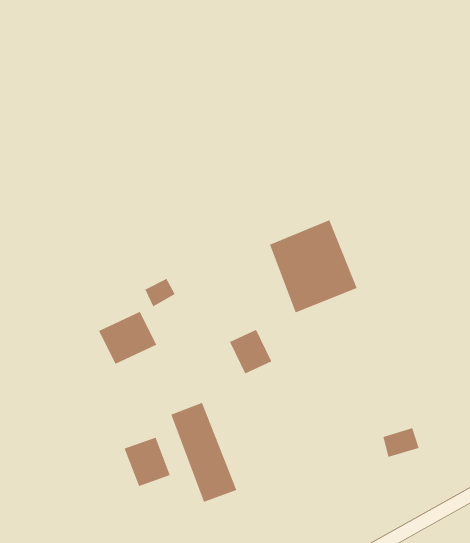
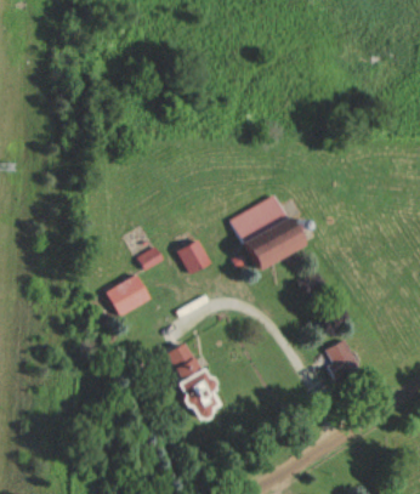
building: [229,329,272,374] -> [177,239,211,274]
building: [124,437,171,487] -> none

